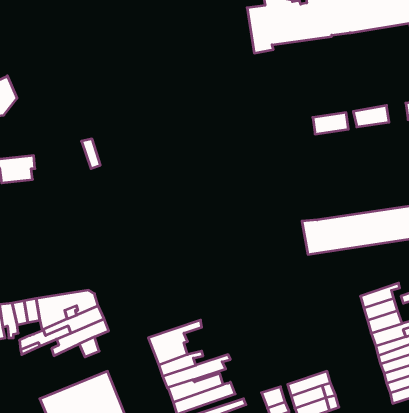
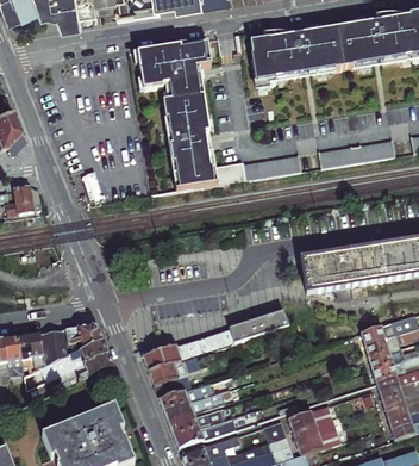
building: none -> [138,41,299,188]
building: none -> [145,306,293,371]

